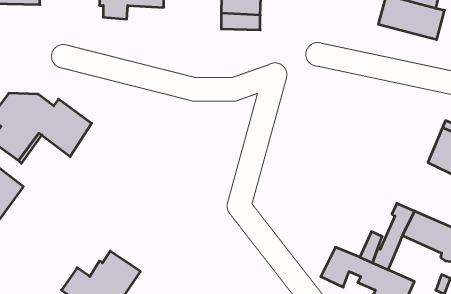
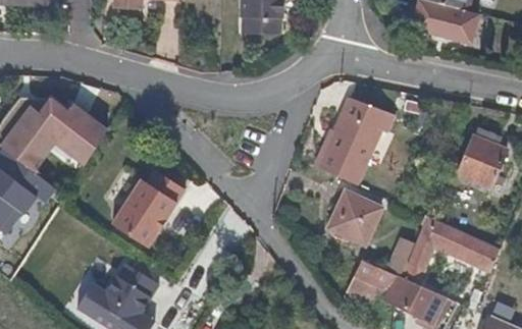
building: none -> [320,99,396,185]
building: none -> [113,169,189,248]
building: none -> [328,191,380,244]

